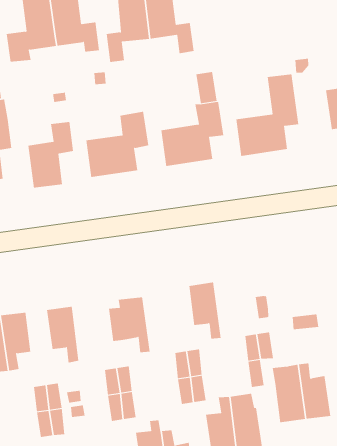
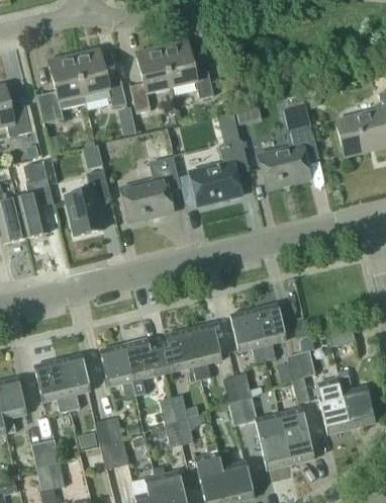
building: none -> [253,303,285,359]
building: none -> [188,322,220,379]
building: none -> [123,338,164,394]

